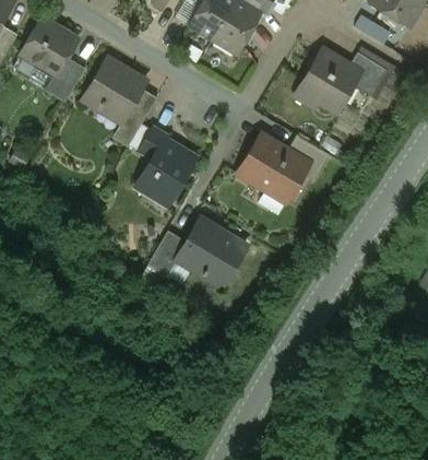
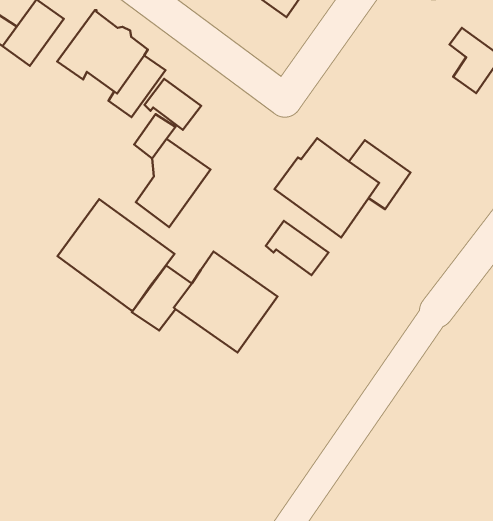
building: [302,49,360,113] -> none
building: none -> [144,79,201,130]
building: none -> [58,199,174,311]
building: none -> [266,221,329,275]

